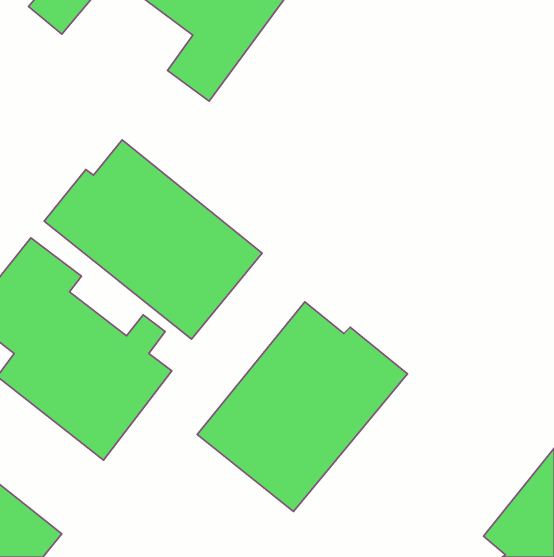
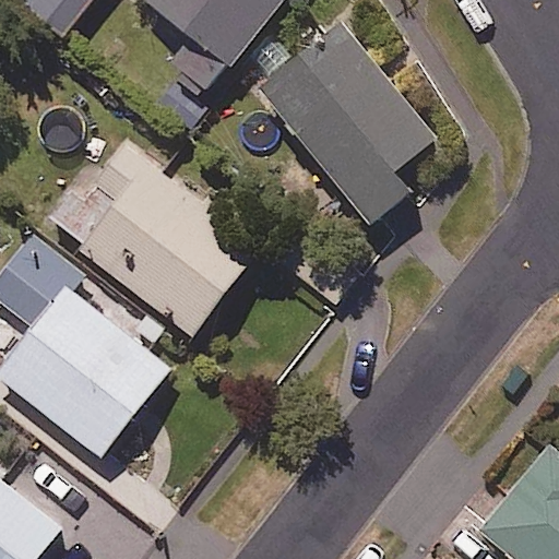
building: none -> [258,22,436,224]
building: [197,302,408,512] -> none

